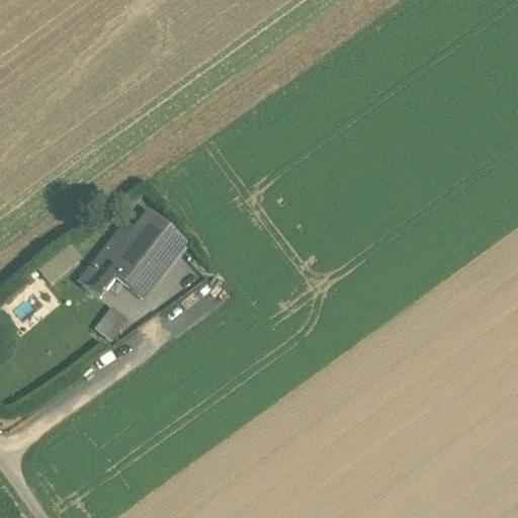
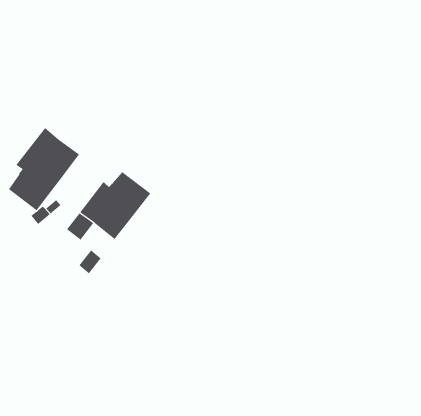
building: none -> [8,127,80,211]

